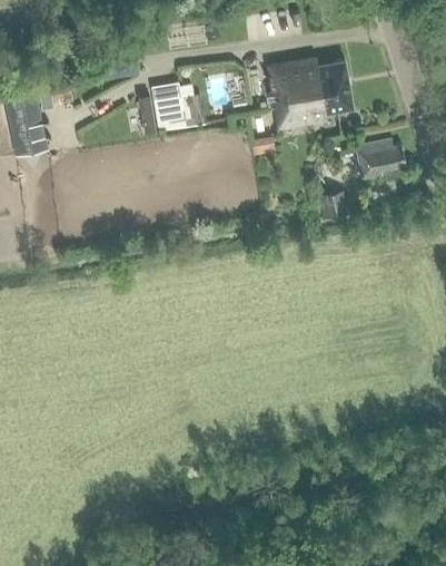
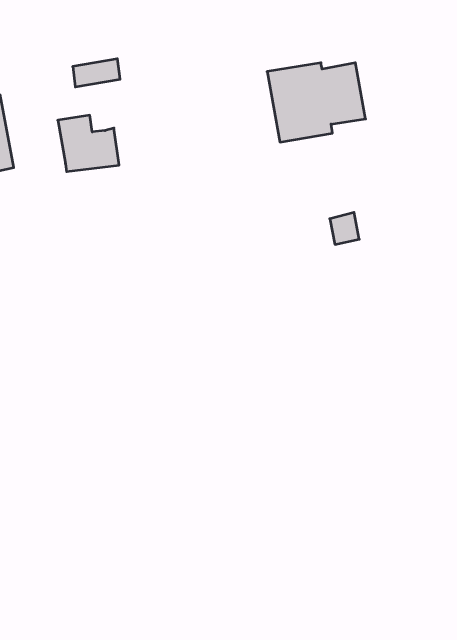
building: [150,81,204,130] -> [58,115,119,172]
building: [353,140,404,177] -> none

